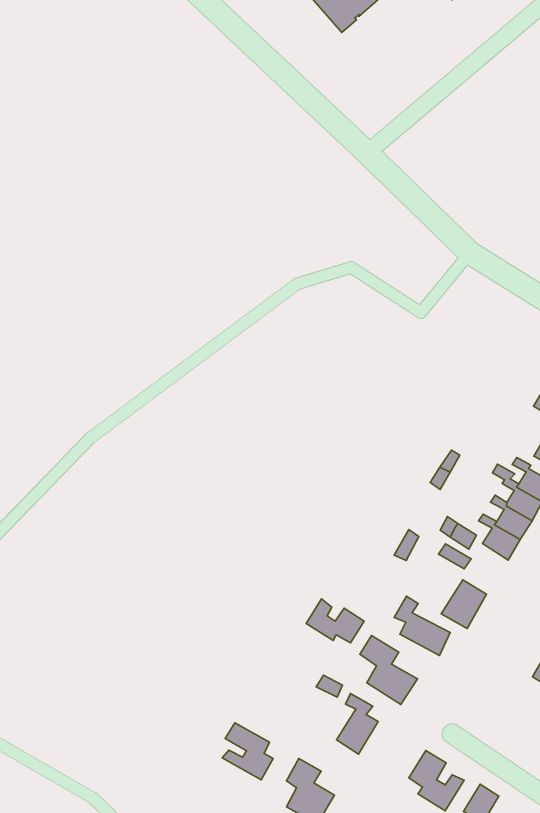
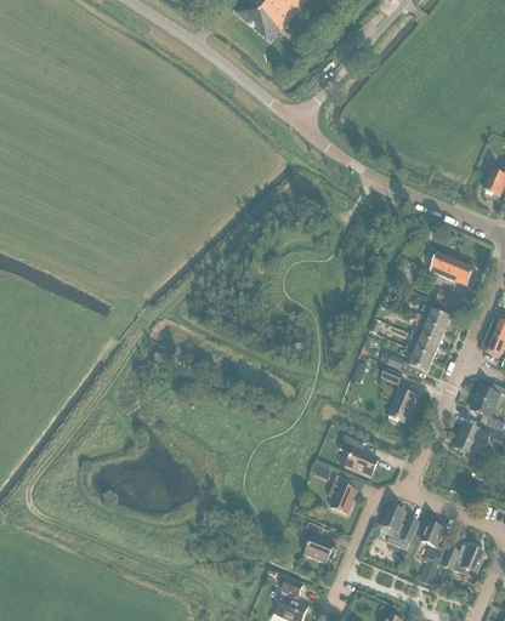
building: [394,596,450,655] -> none
building: [306,599,364,643] -> none
building: [222,723,273,780] -> none

